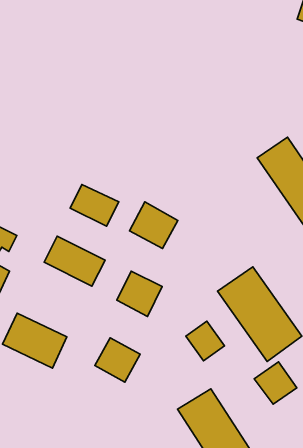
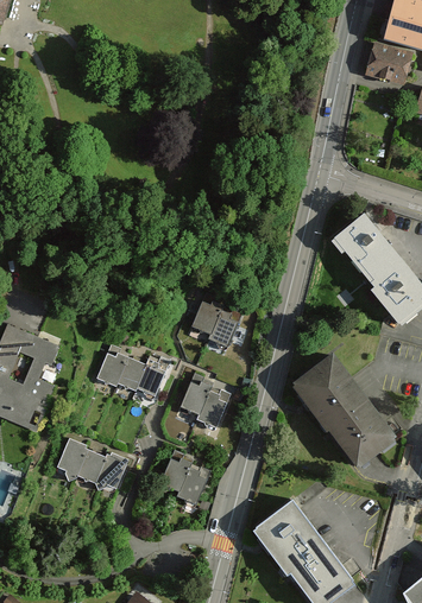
building: [70,184,119,226] -> none
building: [186,321,225,361] -> none
building: [254,362,297,404] -> none

